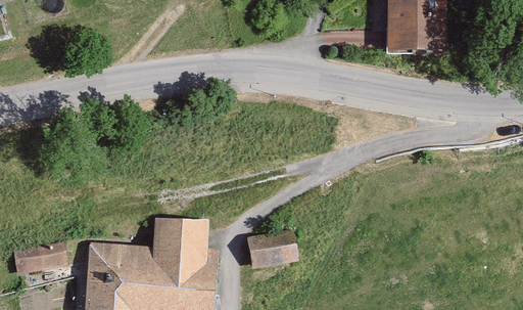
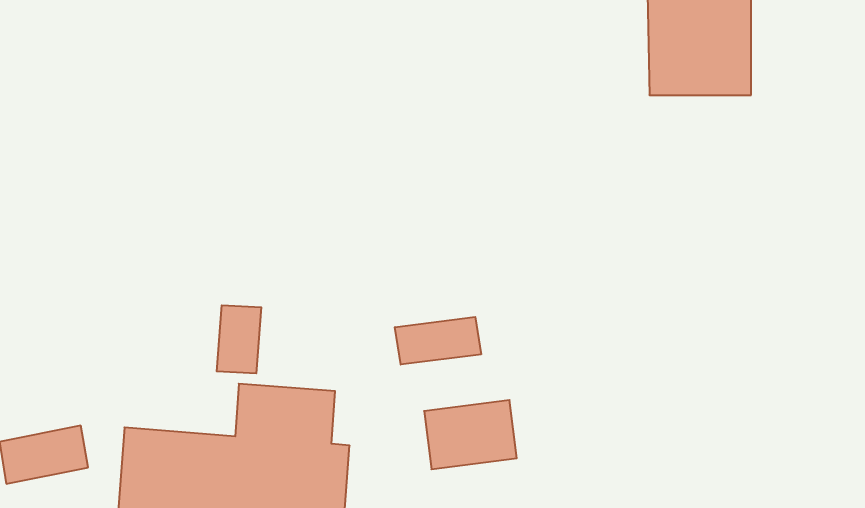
building: none -> [217,305,261,373]
building: none -> [395,317,481,365]

